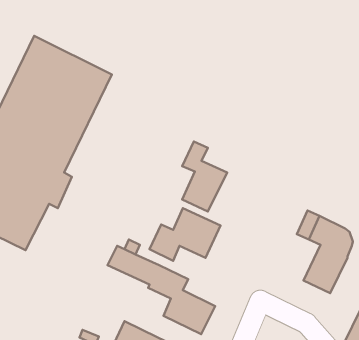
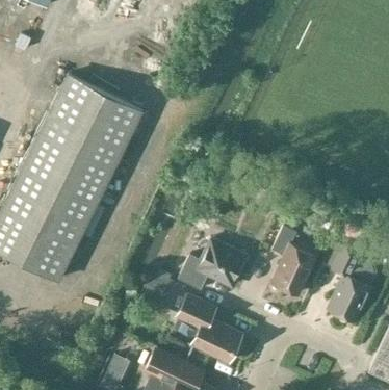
building: [182,141,227,211] -> [271,228,315,295]

